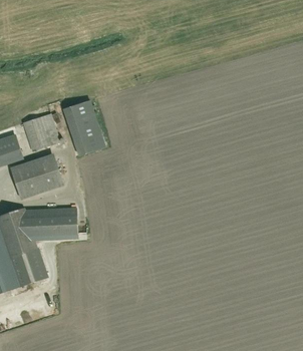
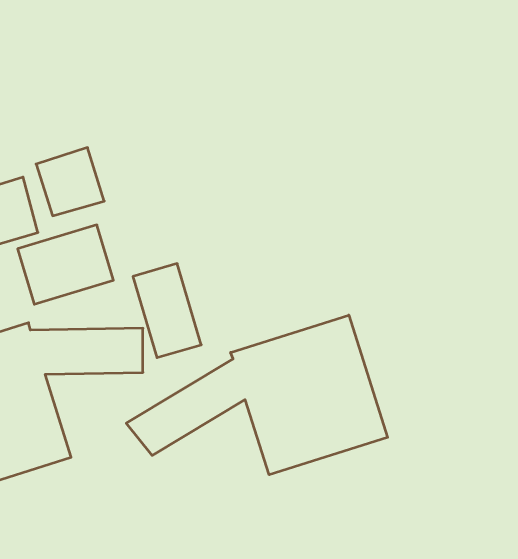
building: [66,102,103,153] -> [133,264,201,358]
building: none -> [126,315,388,475]

